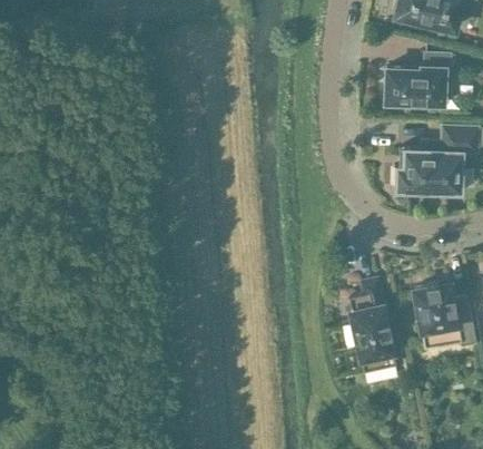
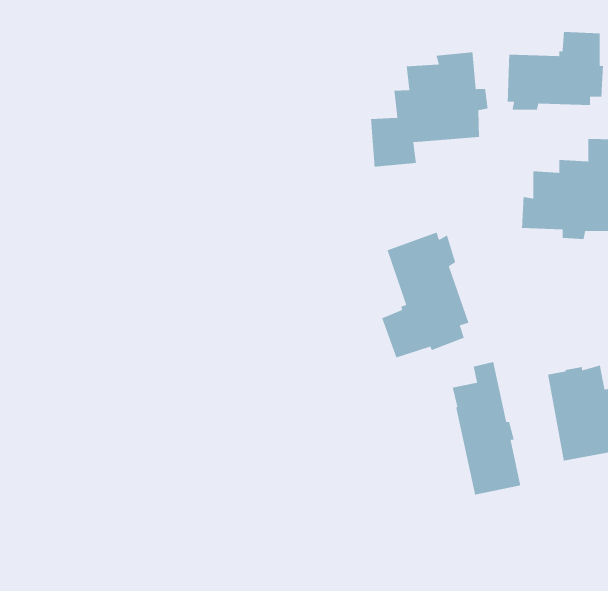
building: none -> [370,52,488,167]
building: none -> [381,232,469,358]

